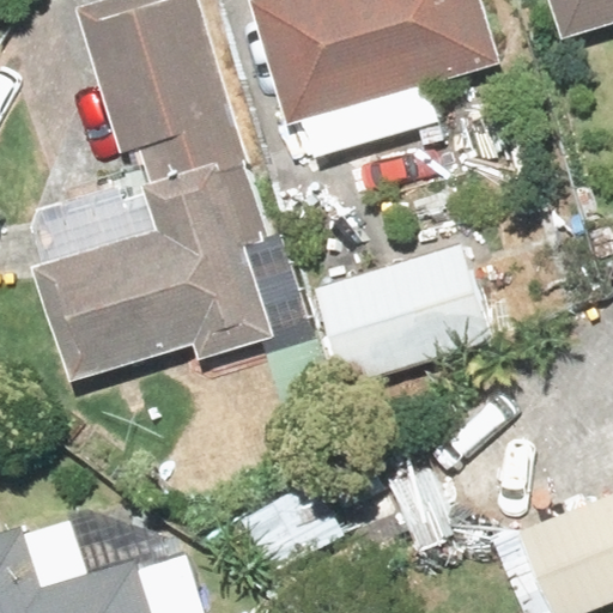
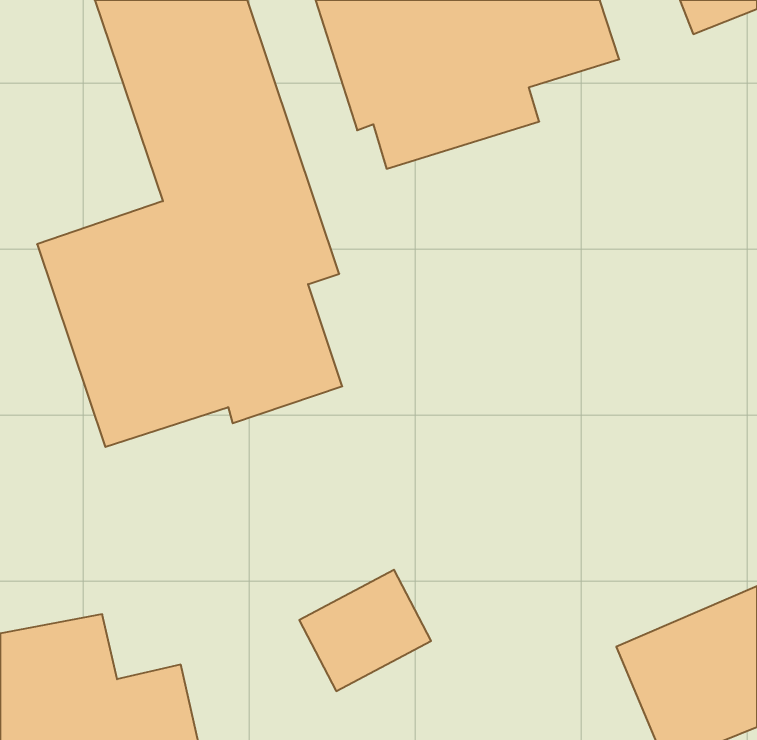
building: [257,245,487,406] -> none

